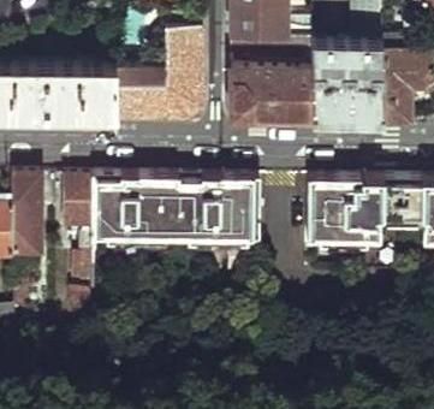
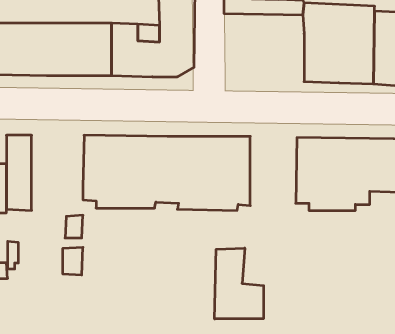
building: [232,72,313,123] -> none
building: [66,177,91,229] -> none
building: none -> [215,248,264,319]

